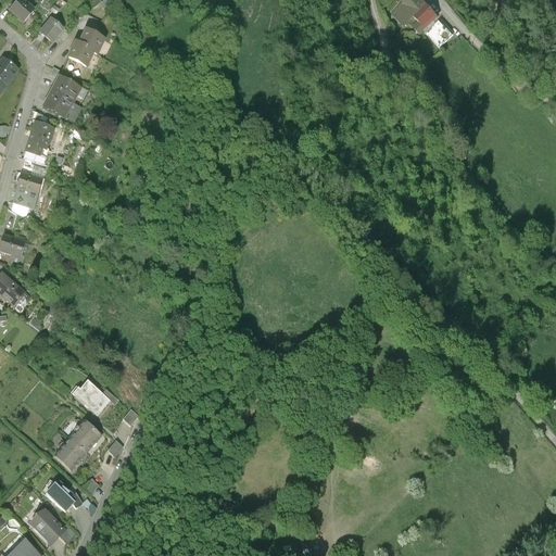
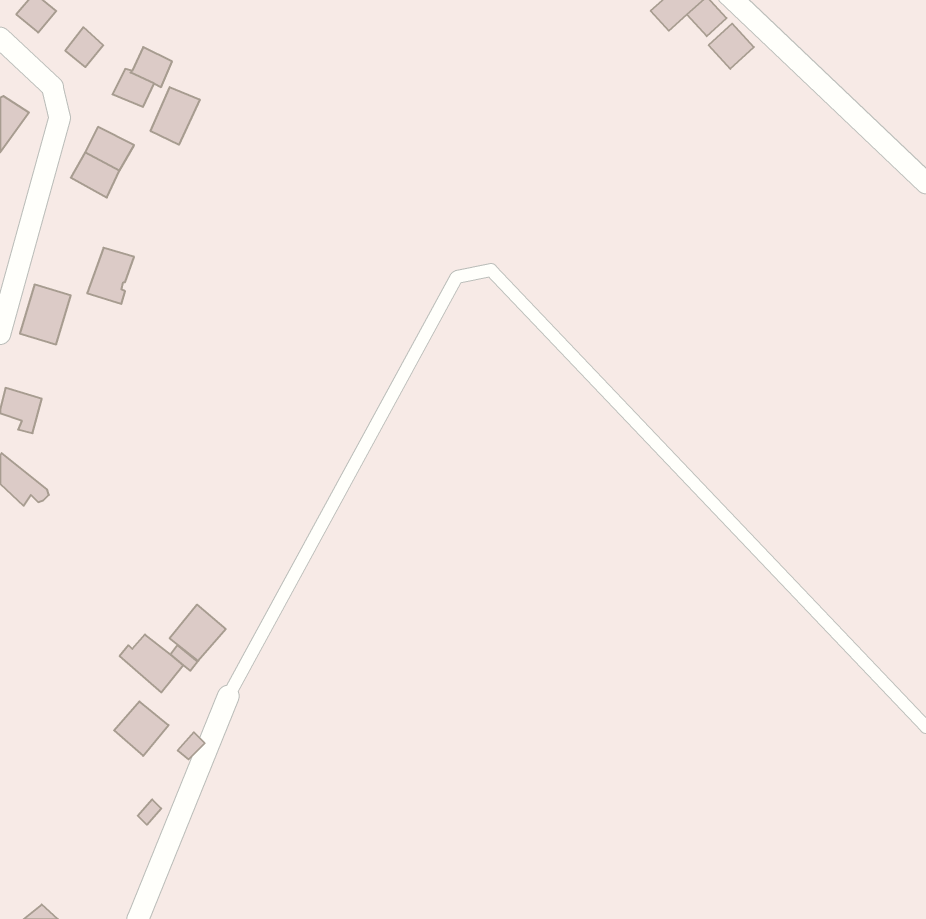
building: none -> [151,87,200,145]
building: [25,123,53,156] -> [87,248,134,304]
building: none -> [170,605,226,661]
building: [54,438,86,469] -> none
building: [45,481,81,511] -> none
building: [33,510,62,542] -> none

